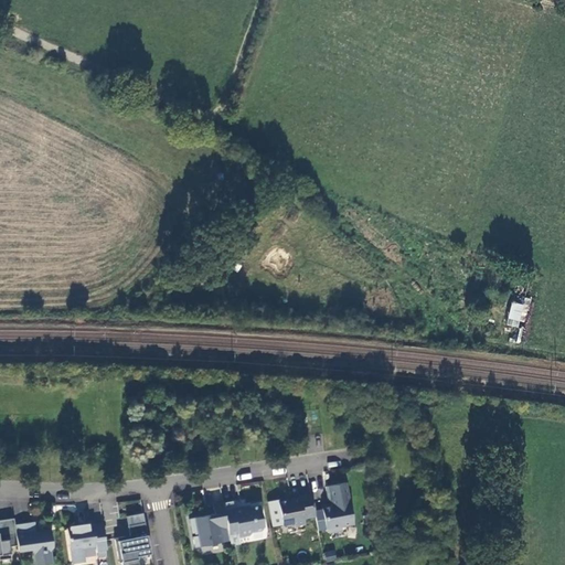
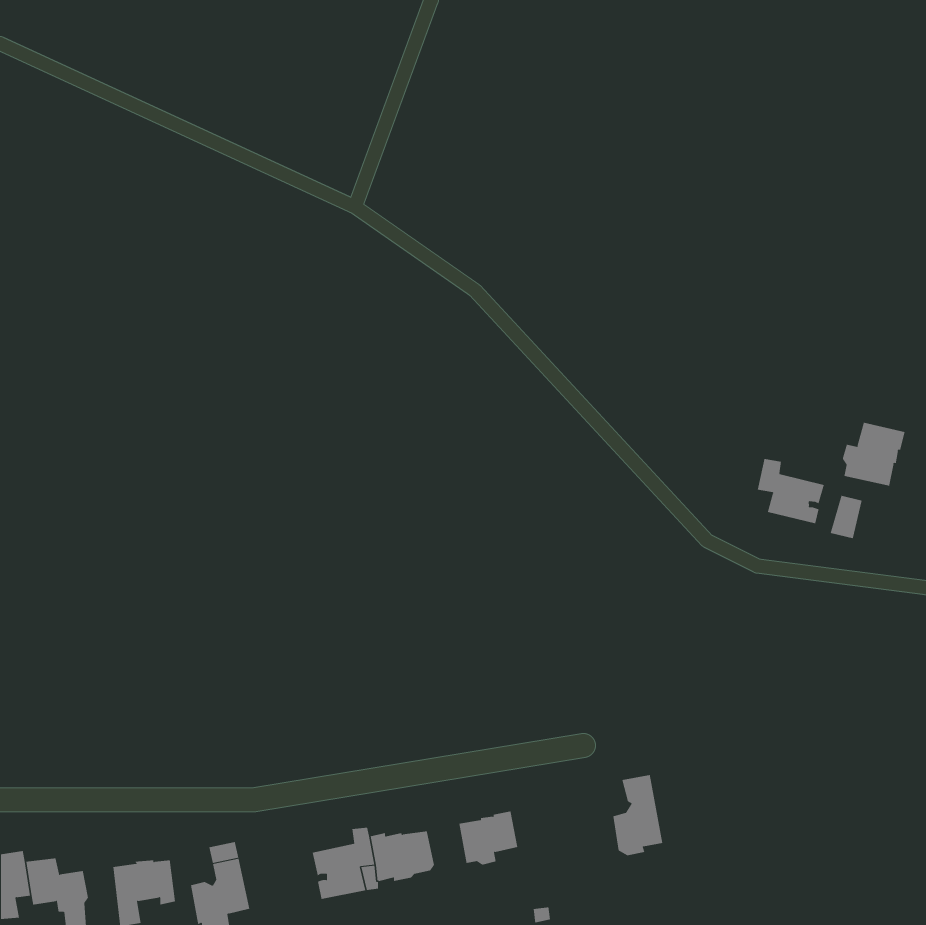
building: none -> [842,422,905,486]
building: none -> [757,458,824,524]
building: [323,483,354,533] -> [613,774,663,856]

